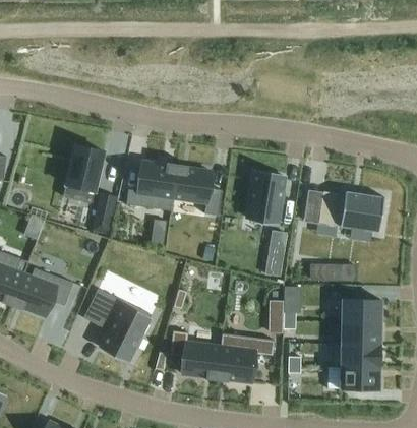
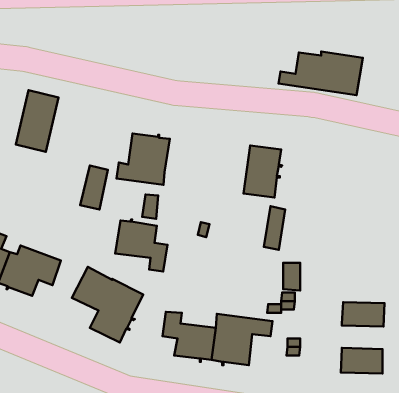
building: [63,144,104,203] -> [16,90,59,152]
building: [172,166,222,216] -> [115,219,167,272]
building: [304,191,384,233] -> [278,51,363,95]
building: [310,263,358,280] -> none
building: [342,299,381,323] -> none
building: [331,343,380,367] -> none

